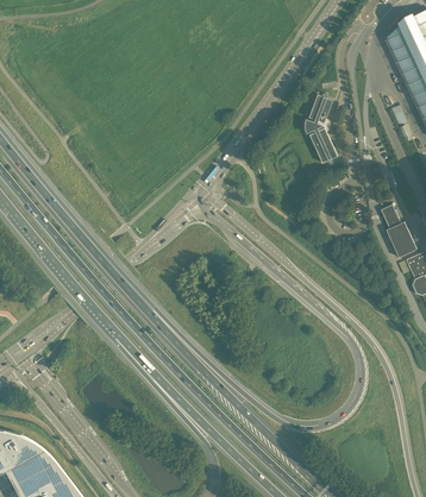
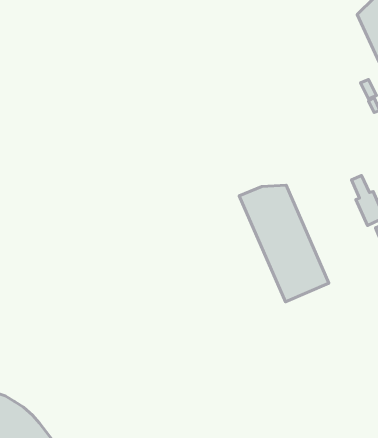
building: [305,95,337,163] -> none
building: none -> [239,185,329,302]

